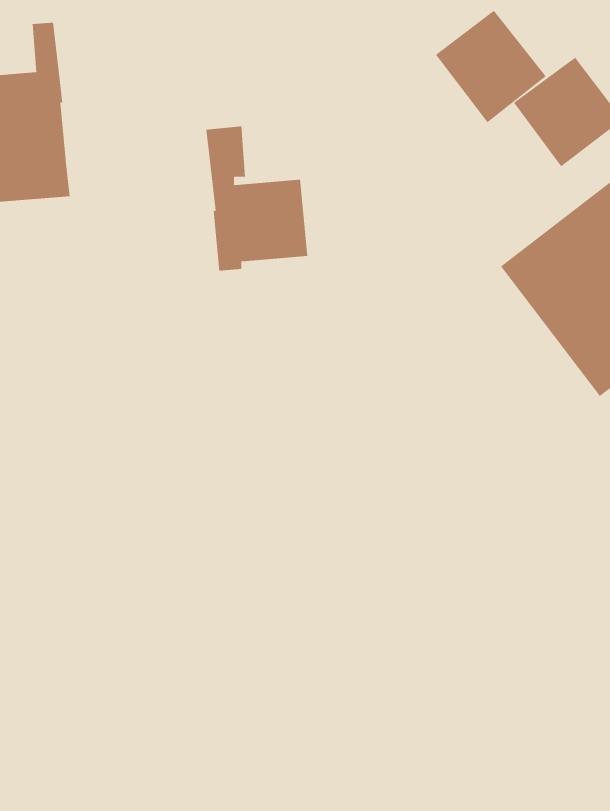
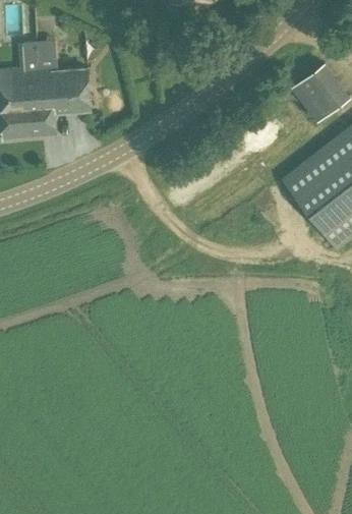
building: [435,10,546,123] -> none
building: [205,126,308,271] -> [35,40,92,120]

